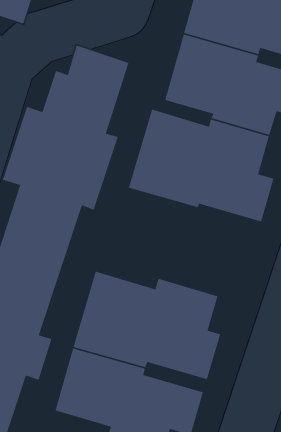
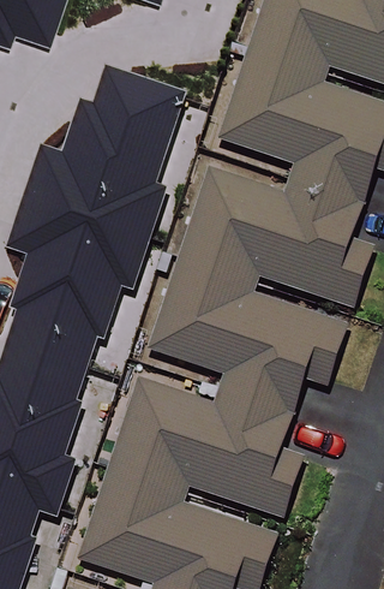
building: none -> [150,263,349,406]

